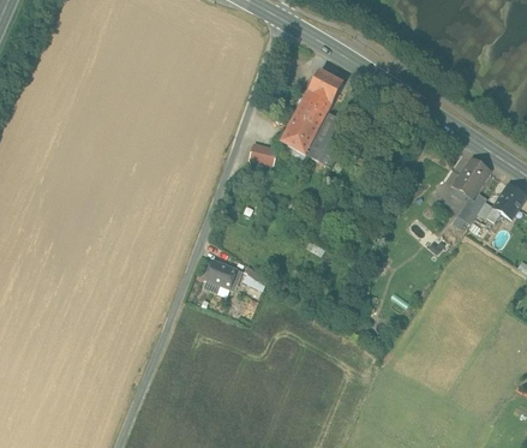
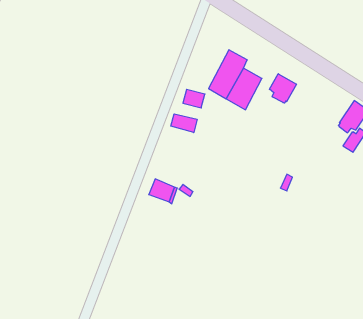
building: [306,72,341,104] -> none
building: none -> [269,74,296,103]
building: none -> [171,114,197,133]

